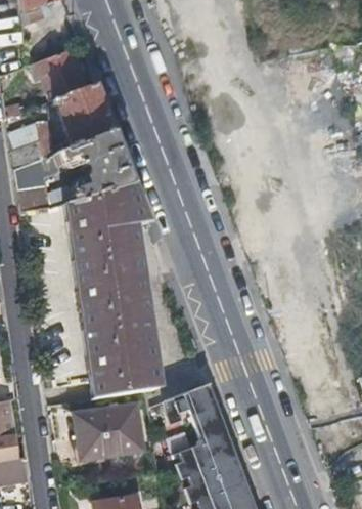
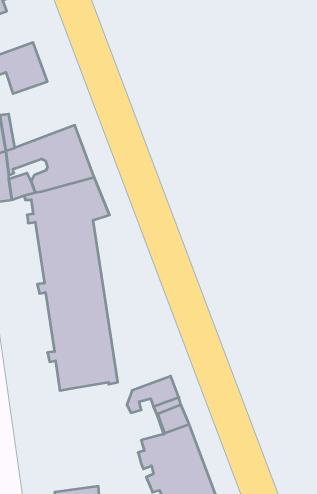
building: [54,86,114,149] -> none
building: [76,407,142,458] -> none

